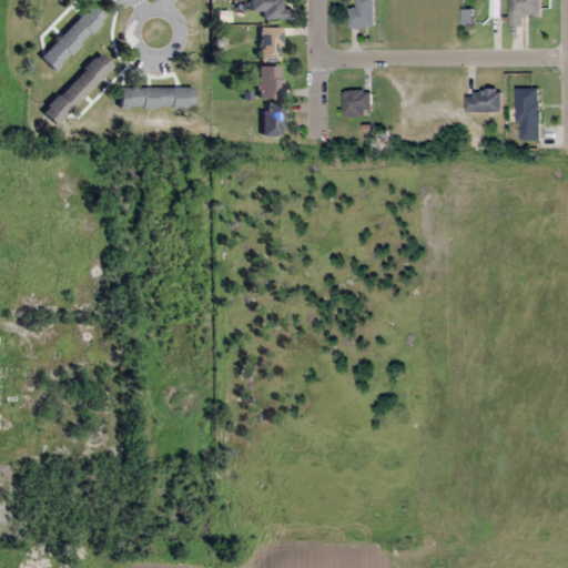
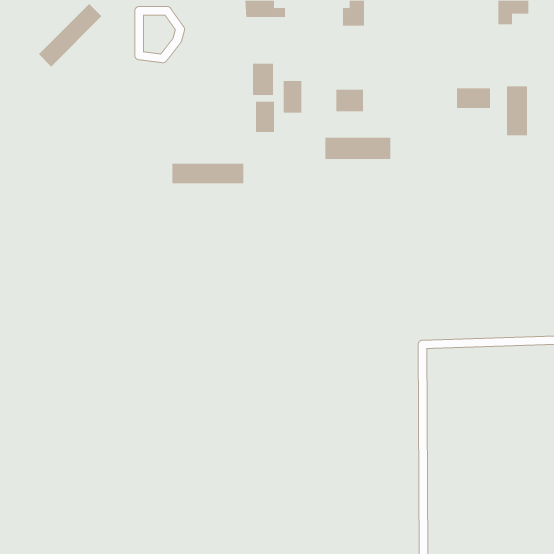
building: [261,28,281,61] -> [283,81,302,113]
building: [41,53,113,125] -> none
building: [119,88,193,109] -> [171,163,244,184]
building: none -> [325,137,391,160]

